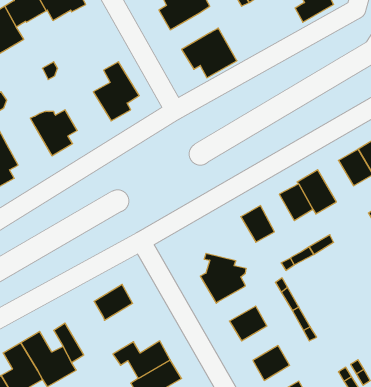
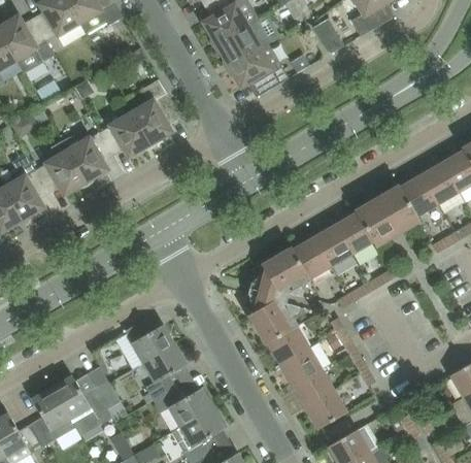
building: none -> [214,19,267,66]
building: none -> [313,19,343,53]
building: none -> [99,112,149,158]
building: none -> [35,141,85,195]
building: none -> [376,186,418,233]
building: none -> [313,225,350,266]
building: none -> [254,247,309,298]
building: none -> [267,327,308,364]
building: none -> [142,344,186,400]
building: none -> [293,369,333,407]

